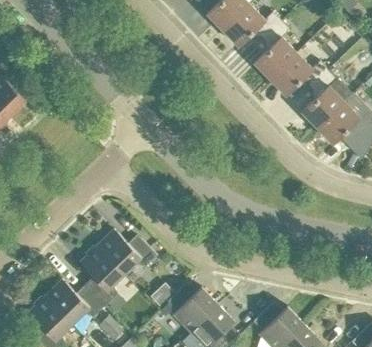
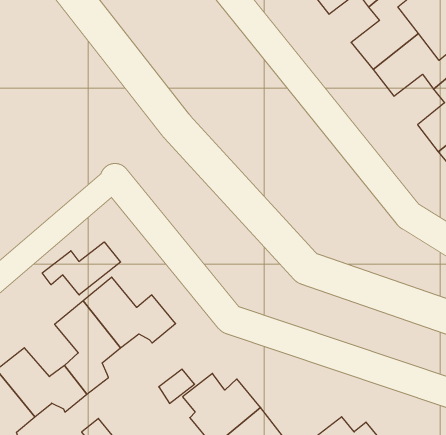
building: none -> [42,242,121,295]

